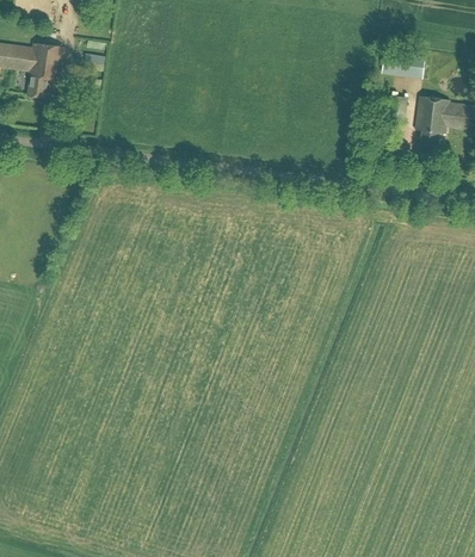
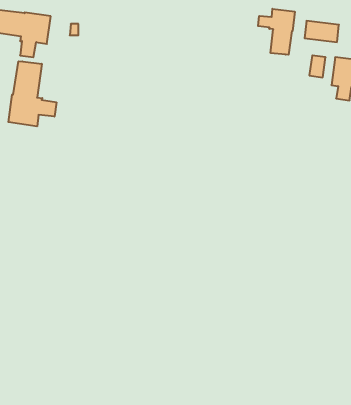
building: none -> [258,9,295,55]
building: none -> [8,61,56,126]

